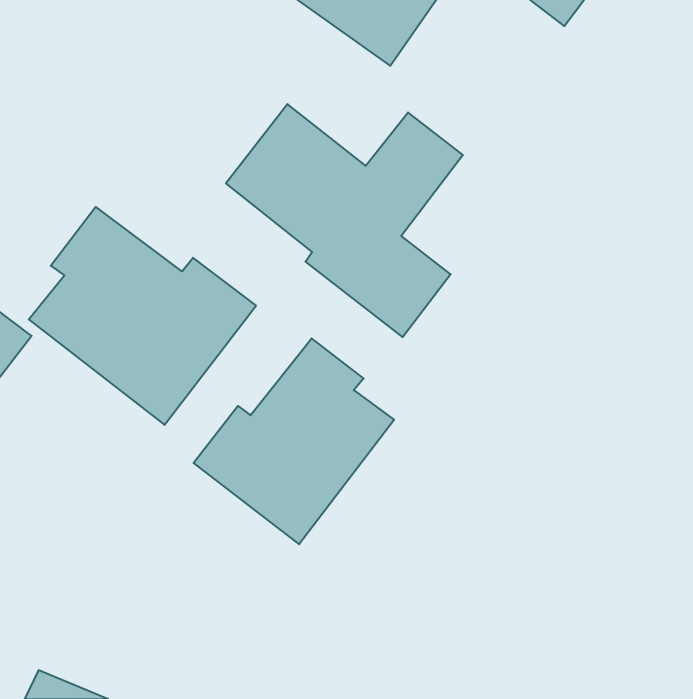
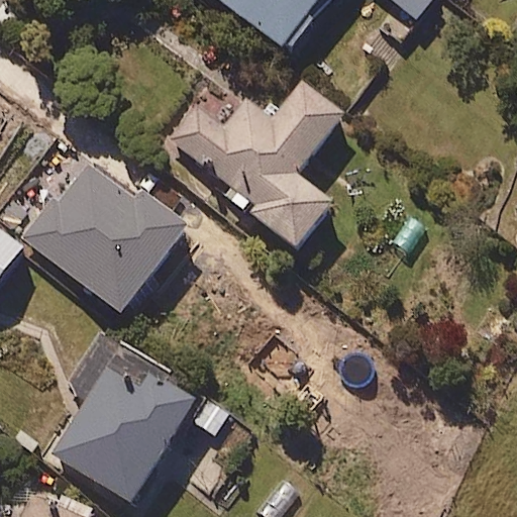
building: [194,338,394,544] -> none
building: none -> [51,344,199,503]

